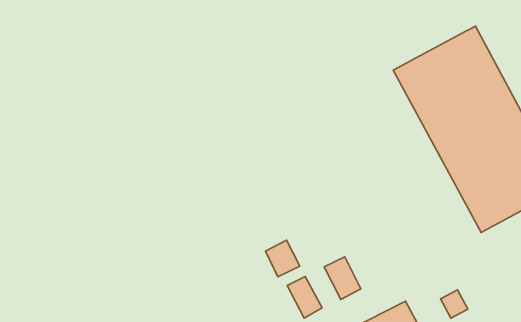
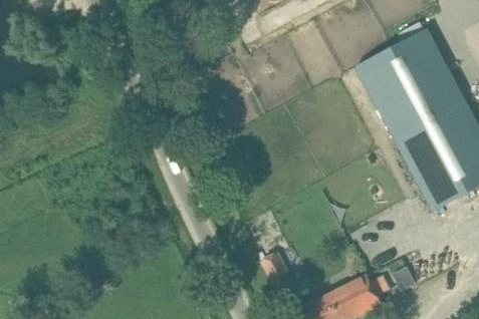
building: [265,240,300,277] -> none
building: [324,257,361,299] -> none

